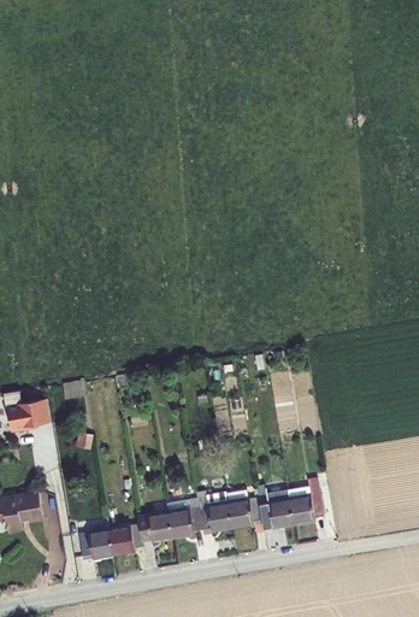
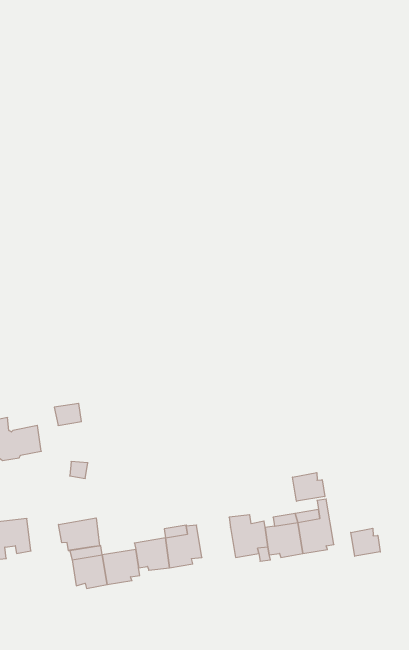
building: none -> [293,473,325,501]
building: none -> [59,518,99,551]
building: [195,498,231,531] -> none
building: none -> [351,528,380,556]

